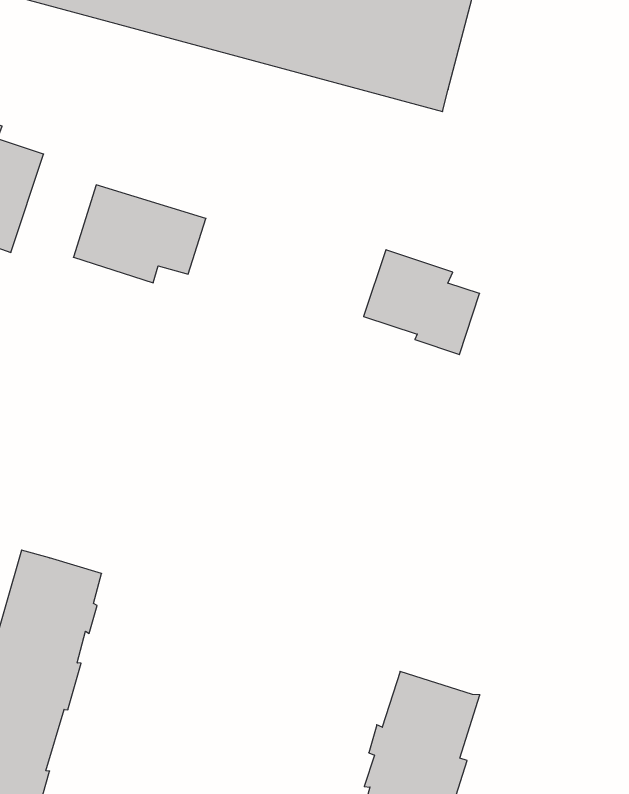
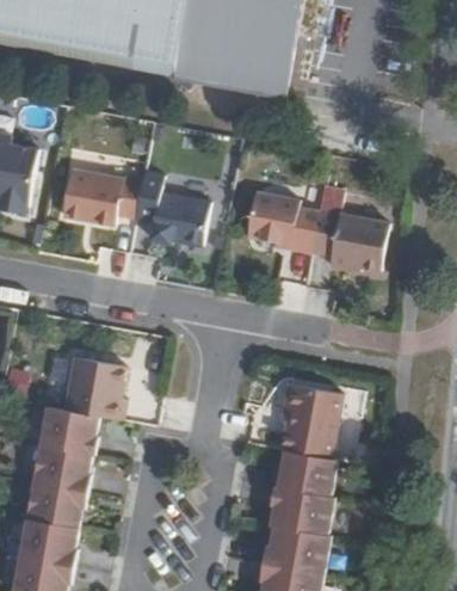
building: none -> [135,170,210,247]
building: none -> [327,208,391,276]
building: none -> [62,349,124,413]
building: none -> [285,388,347,466]

